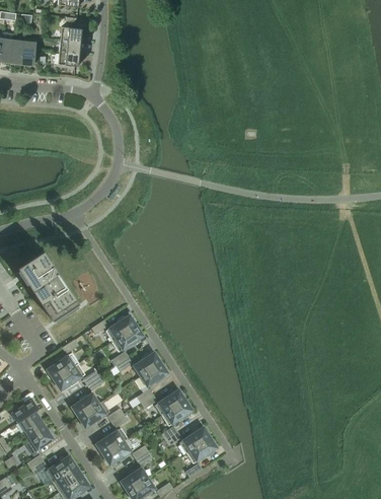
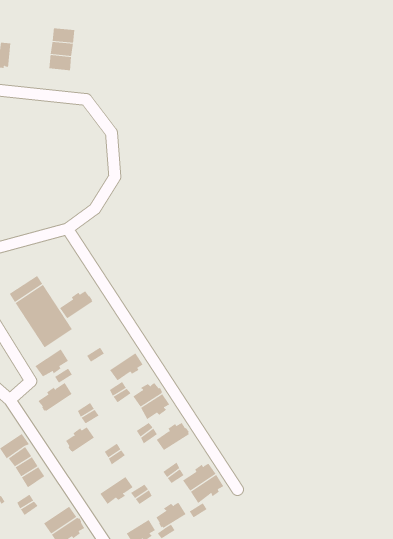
building: [19,37,36,64] -> none
building: [104,314,136,341] -> [59,291,93,319]
building: [53,363,84,389] -> [35,349,69,377]
building: [161,400,192,426] -> none
building: [77,401,108,427] -> none
building: [95,427,127,454] -> none
building: [45,454,75,482] -> none
building: [120,467,148,491] -> [156,502,186,528]

